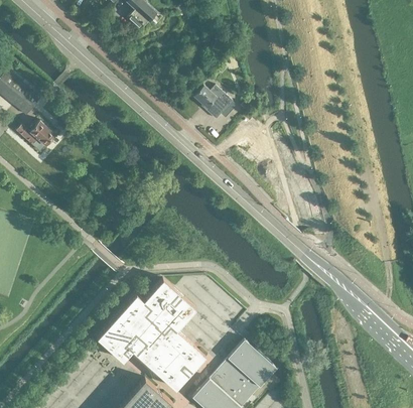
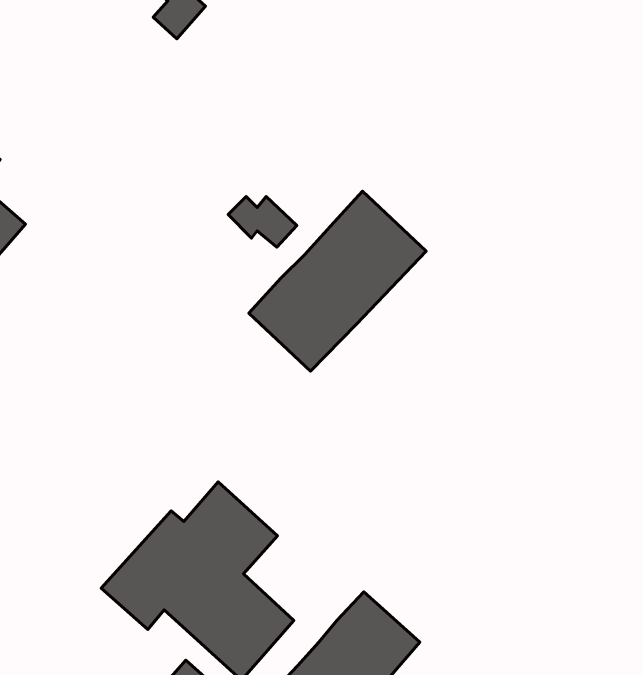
building: [194,87,233,115] -> [228,197,297,247]
building: none -> [249,191,426,371]

